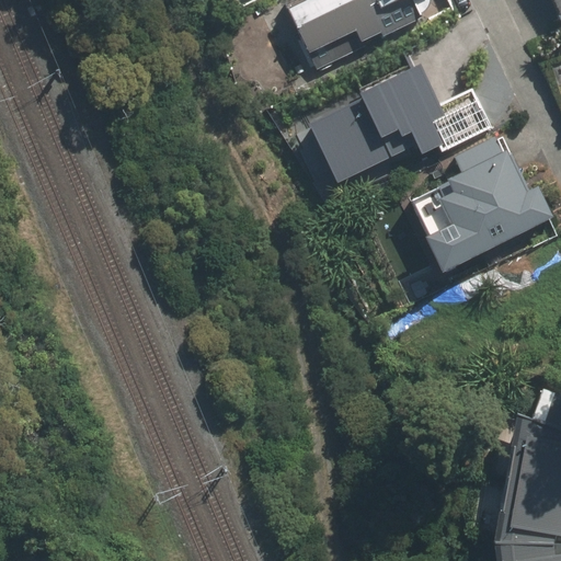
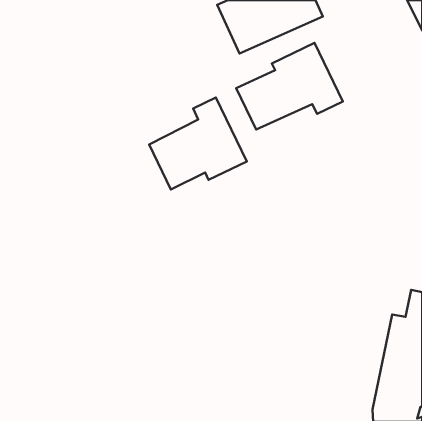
building: none -> [149,98,247,189]
building: [423,131,552,272] -> none

